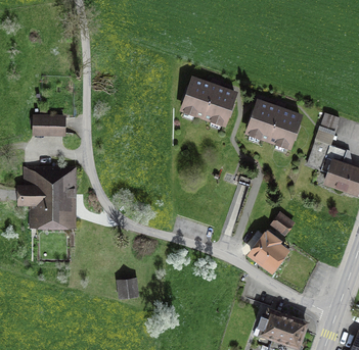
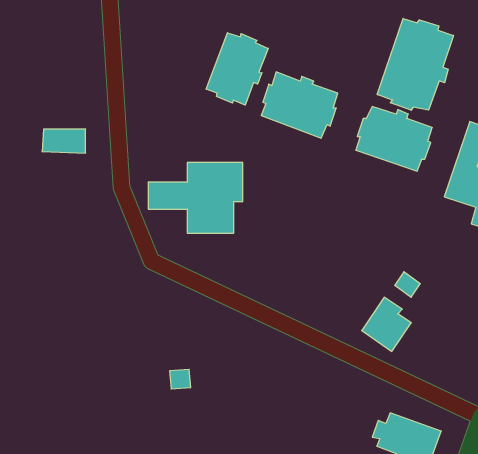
building: none -> [377,18,453,110]
building: none -> [206,33,268,105]
building: [9,172,74,220] -> [148,163,243,233]

